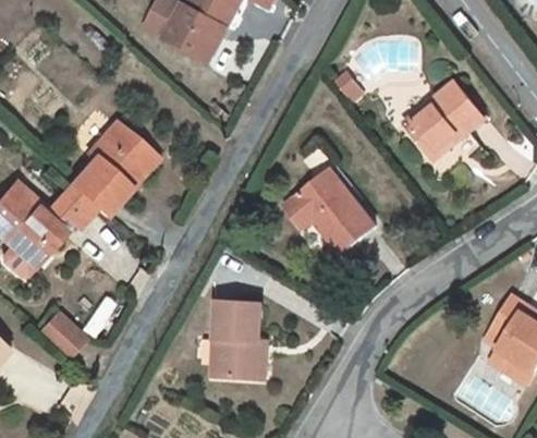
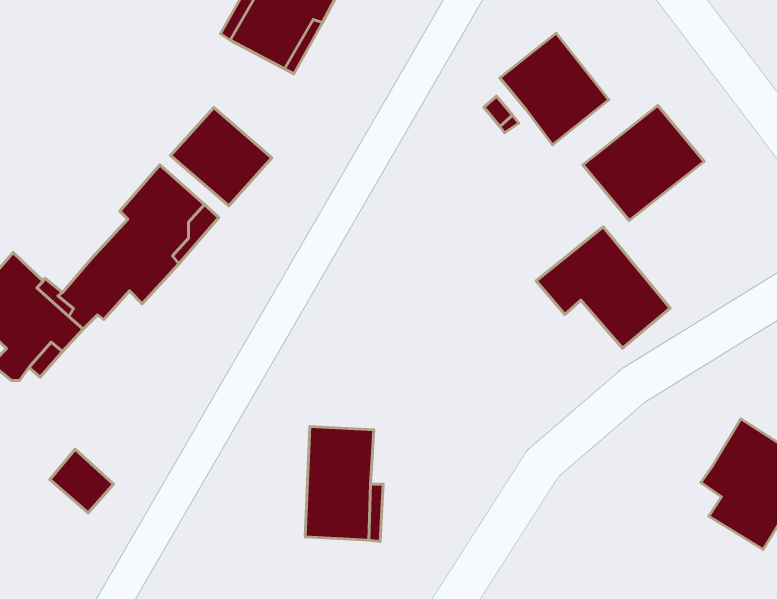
building: none -> [500,33,609,145]
building: none -> [171,108,272,206]
building: [282,169,374,252] -> [536,227,670,348]

